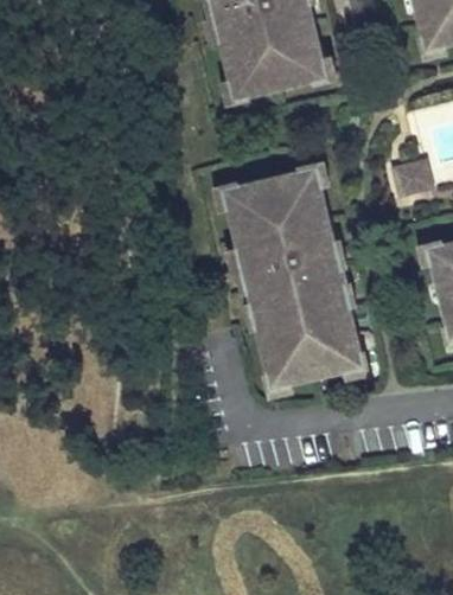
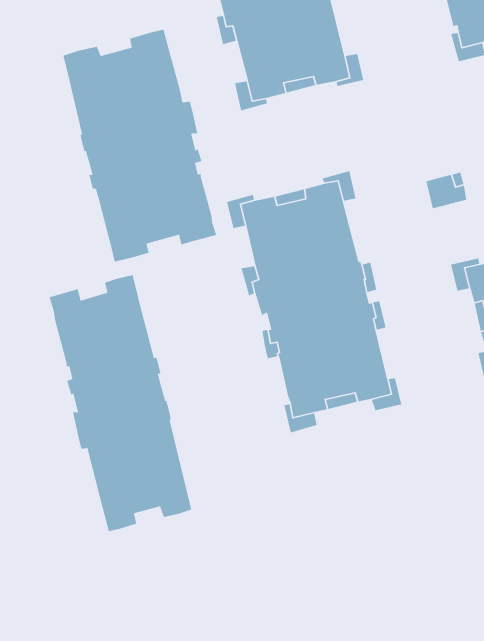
building: none -> [62,29,217,262]
building: none -> [48,274,192,532]

